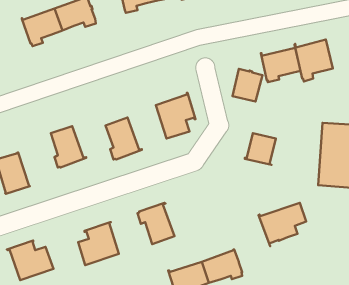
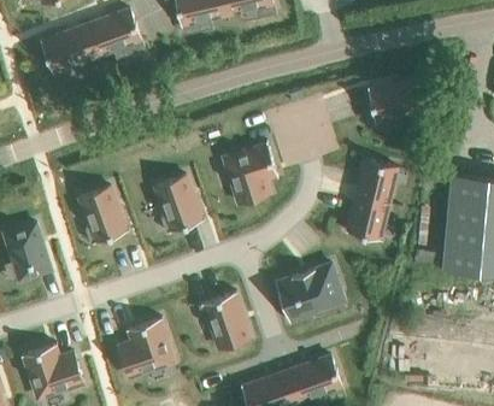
building: [294,40,333,81] -> none
building: [233,69,263,101] -> [357,159,398,204]
building: [259,203,306,246] -> [275,264,340,323]

